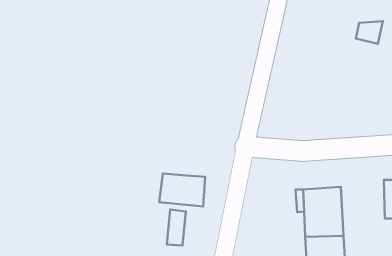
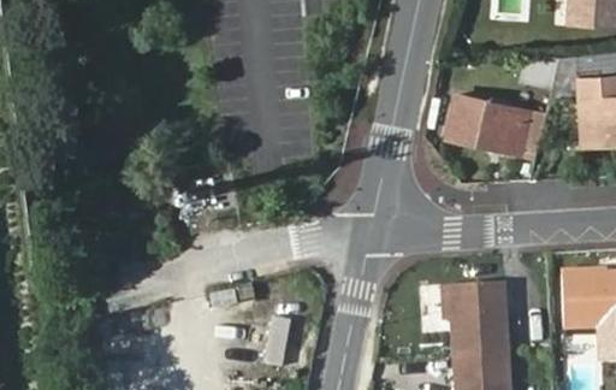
building: none -> [446,96,531,155]
building: [159,173,205,206] -> none

